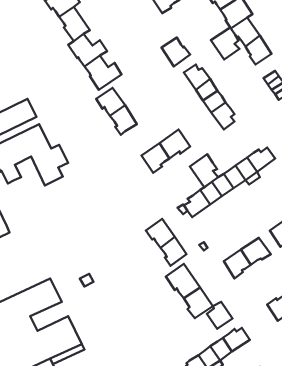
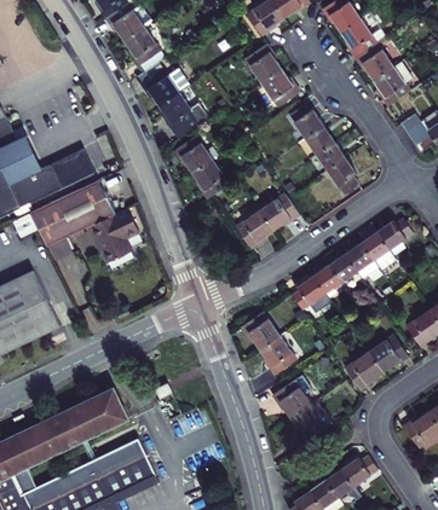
building: none -> [246,44,282,81]
building: [211,28,239,59] -> none
building: [190,154,218,187] -> none
building: [207,302,233,329] -> none

